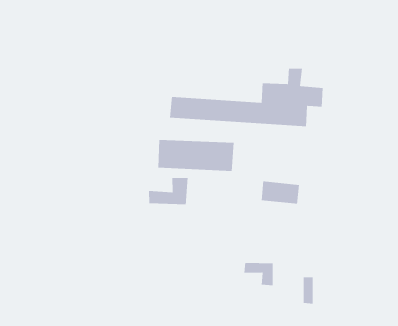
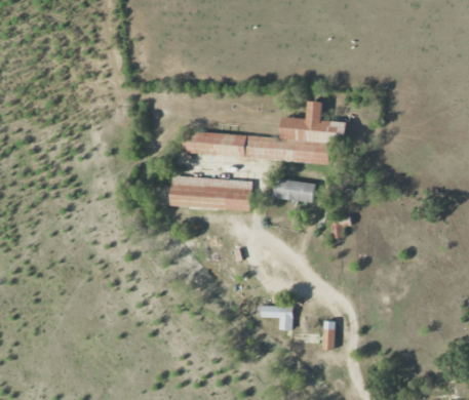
building: [148,177,188,205] -> none
building: [261,181,300,204] -> [273,178,314,203]

